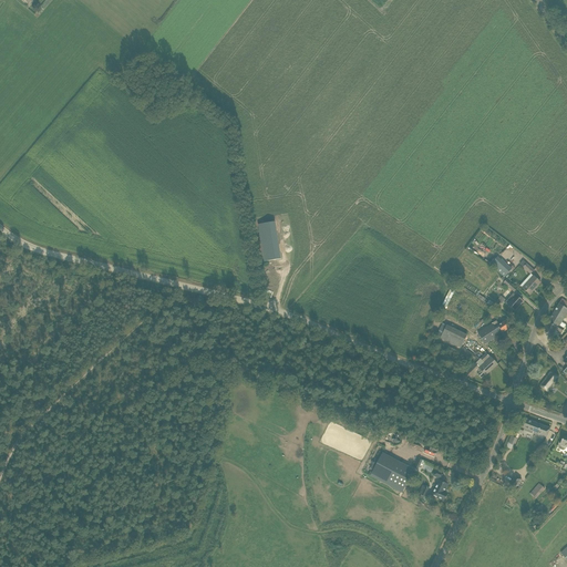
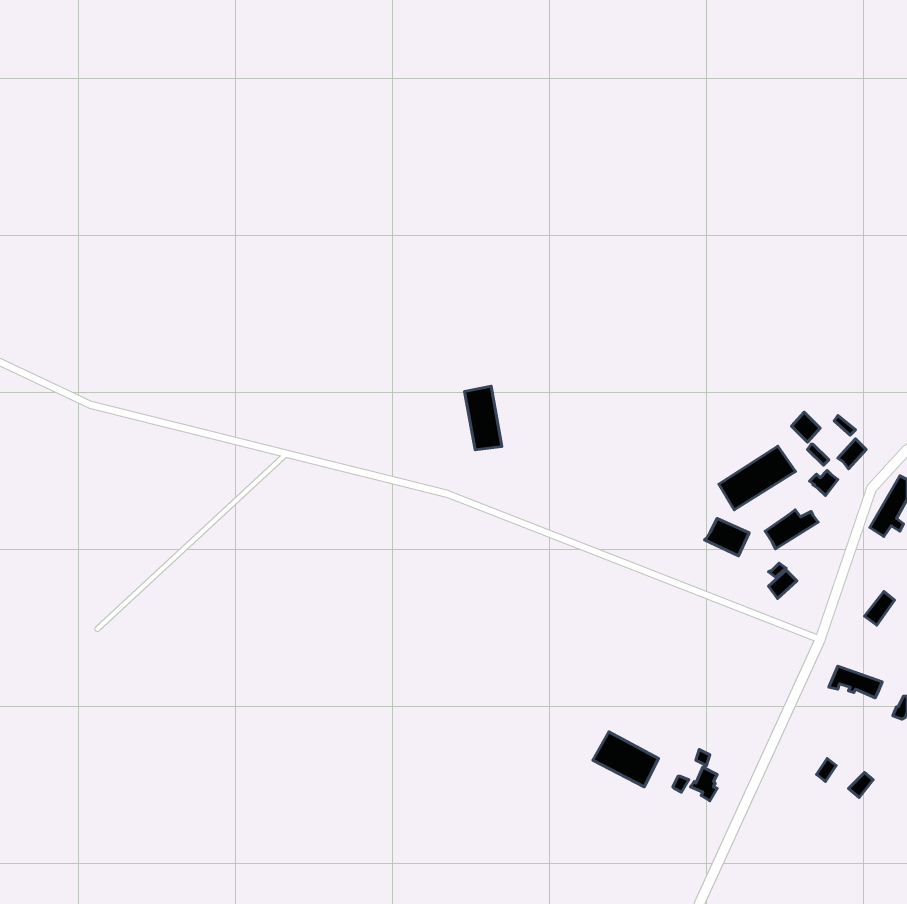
building: [258,219,281,259] -> [465,386,502,450]
building: none -> [719,446,795,510]

